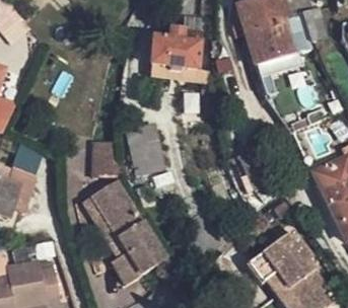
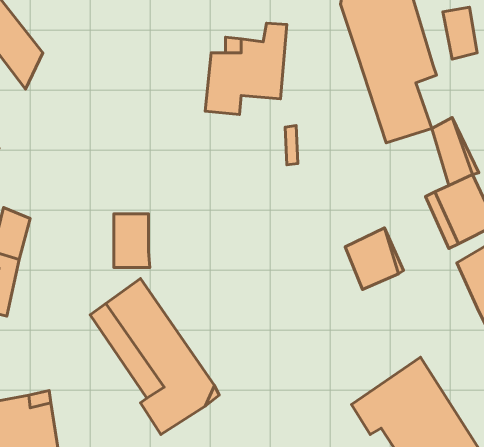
building: [118,130,157,183] -> none

